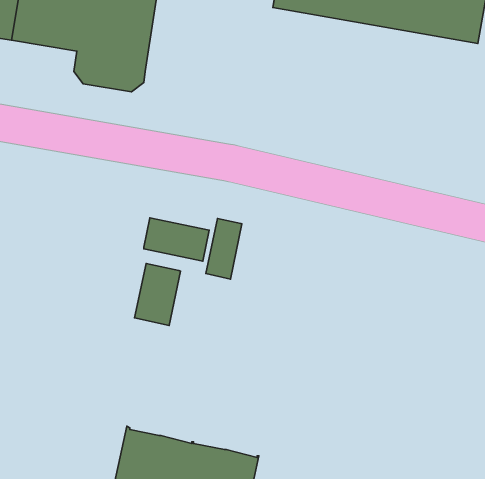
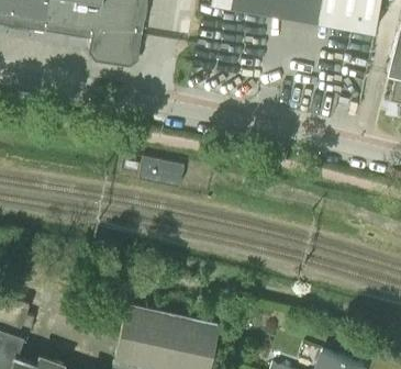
building: [206,218,242,279] -> none
building: [135,264,181,326] -> none

